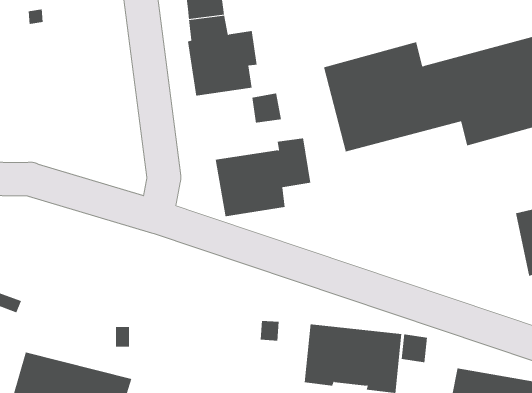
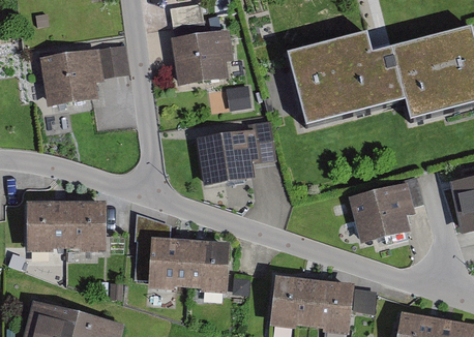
building: none -> [39,41,130,105]
building: none -> [348,172,425,242]
building: none -> [28,202,107,252]
building: none -> [135,209,230,294]

